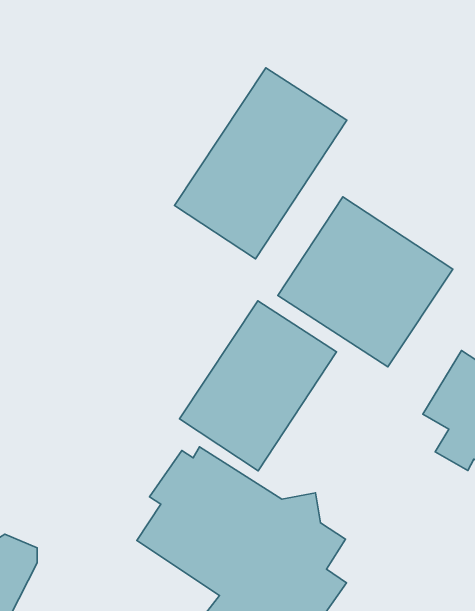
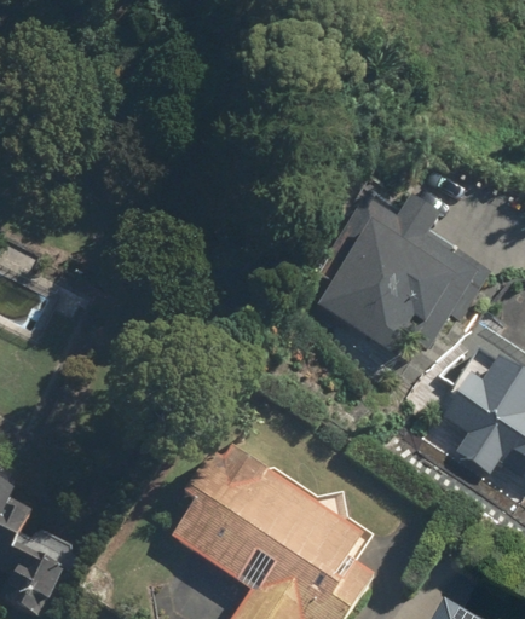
building: [175,68,347,259] -> none
building: [179,301,336,471] -> none

